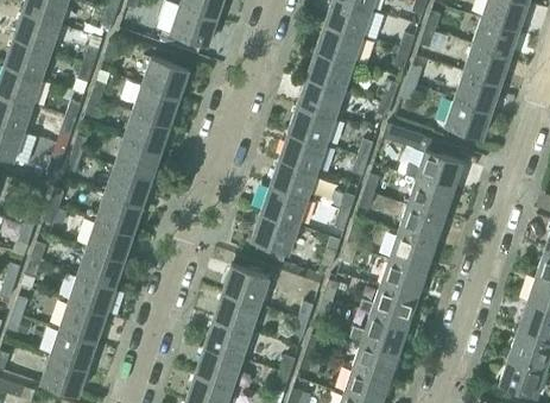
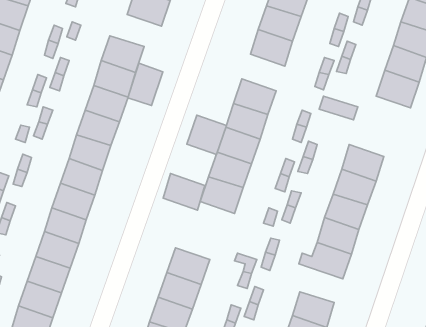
building: [297,78,344,119] -> none
building: none -> [128,63,163,106]
building: none -> [187,115,226,155]
building: [405,150,463,191] -> none
building: [223,265,270,306] -> [163,174,205,210]
building: [350,314,409,353] -> none

